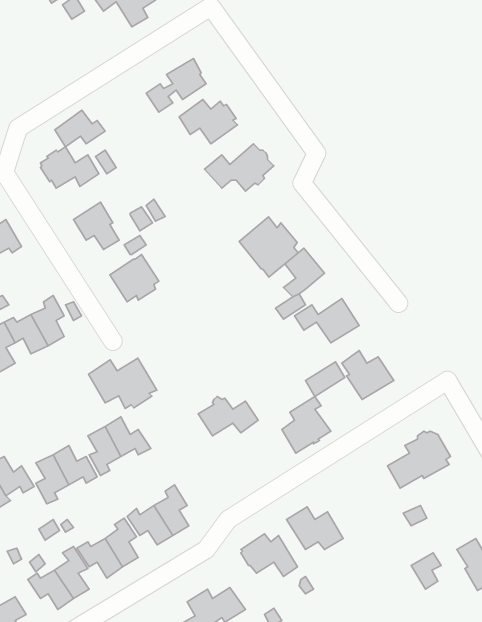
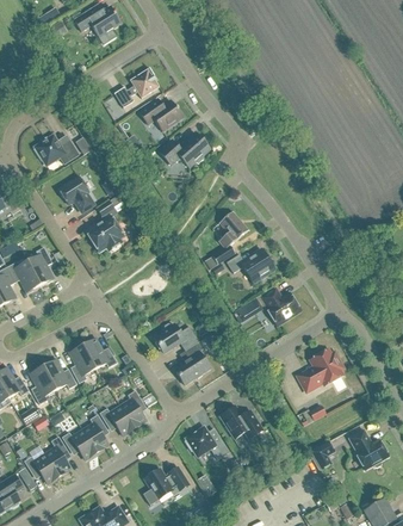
building: [55,110,105,147] -> none
building: [239,217,298,277] -> none
building: [89,358,157,409] -> none
building: [282,396,331,453] -> [173,341,210,384]

